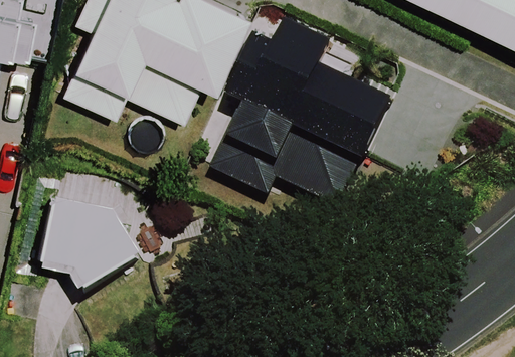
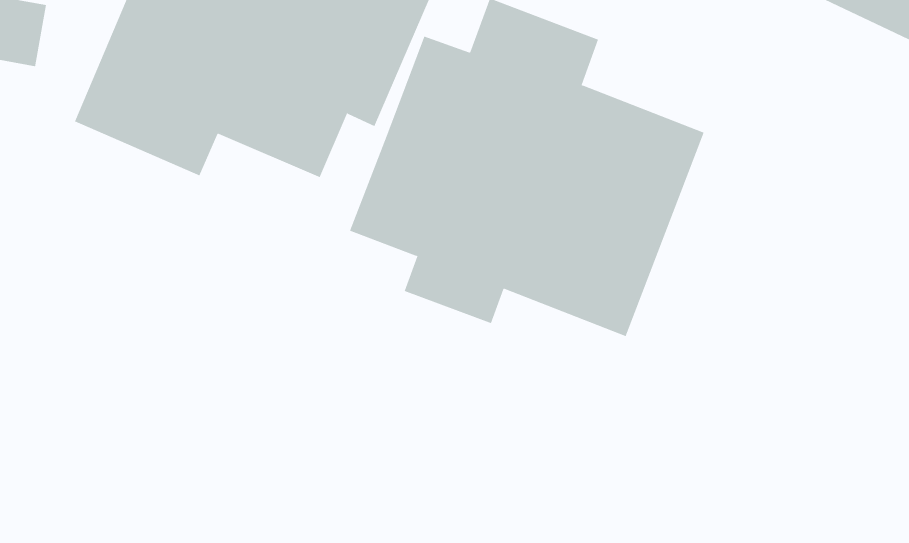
building: [31,192,144,297] -> none

